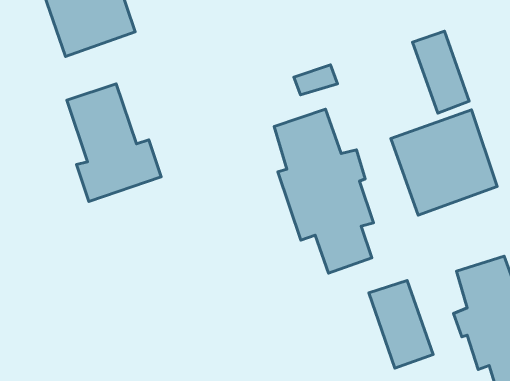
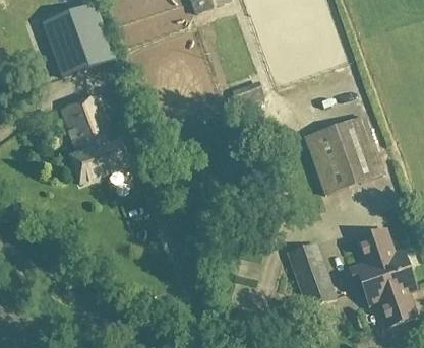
building: [413,31,469,113] -> none
building: [274,109,373,273] -> none

